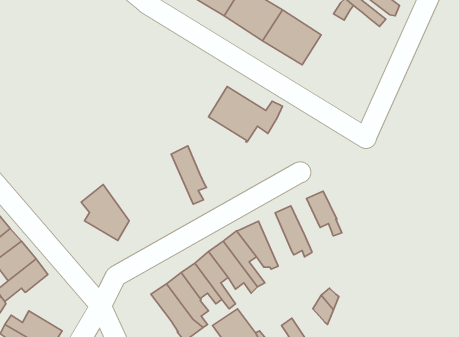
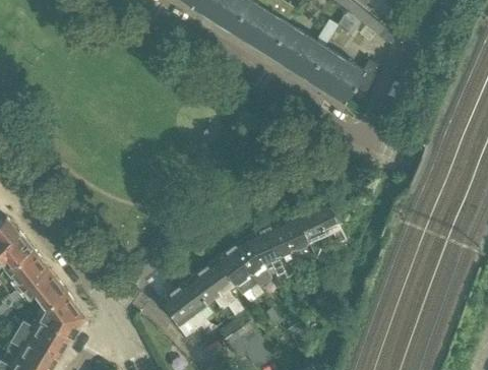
building: [208,87,282,142] -> [306,48,378,102]
building: [171,146,207,204] -> [263,222,298,279]
building: [81,184,129,241] -> [37,282,83,336]
building: none -> [295,207,323,259]

